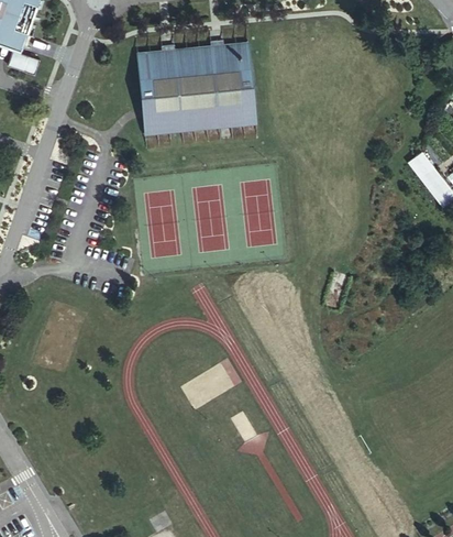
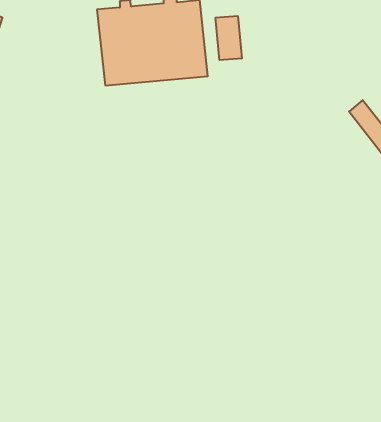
building: none -> [216,16,242,60]

